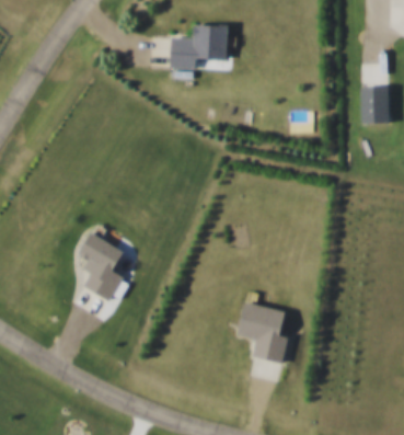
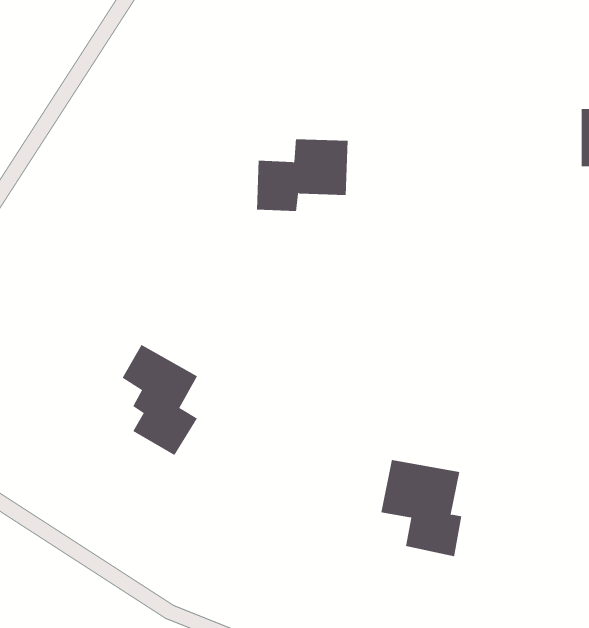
building: [171,24,228,69] -> [256,139,348,211]

